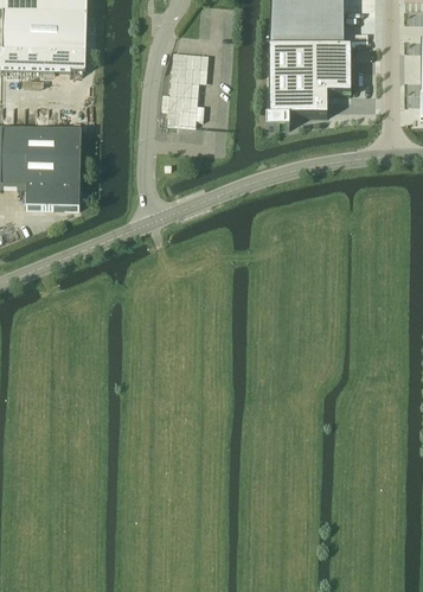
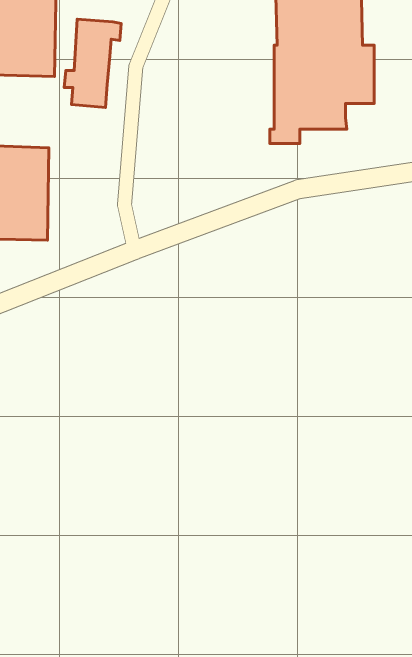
building: [161,49,209,122] -> [64,19,121,107]

